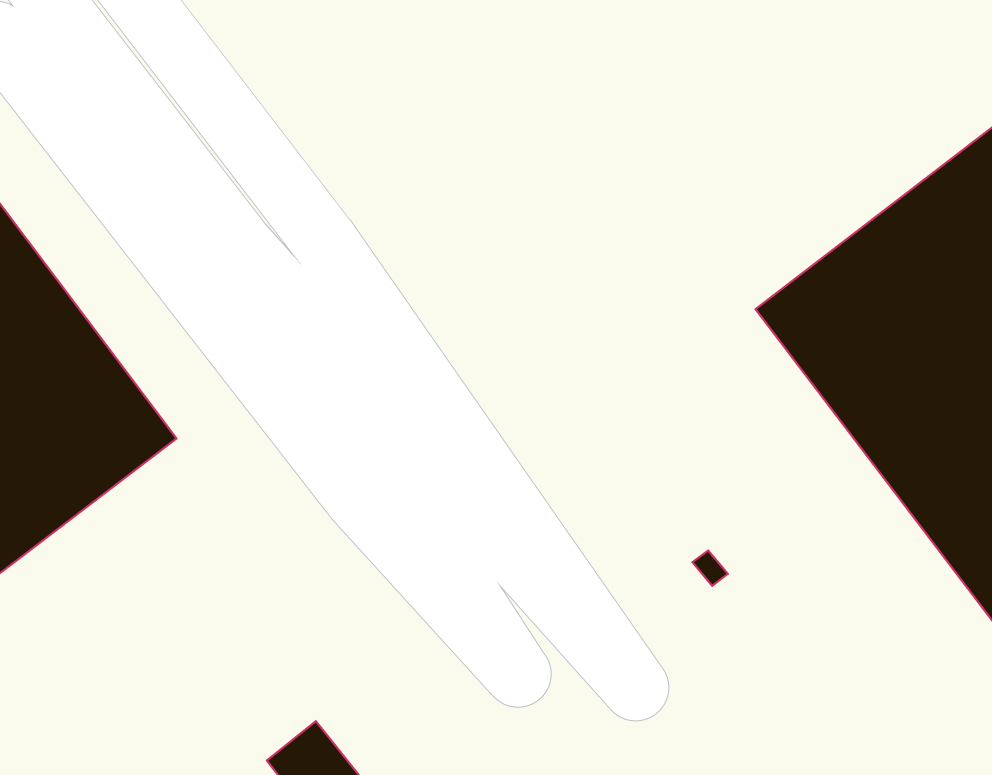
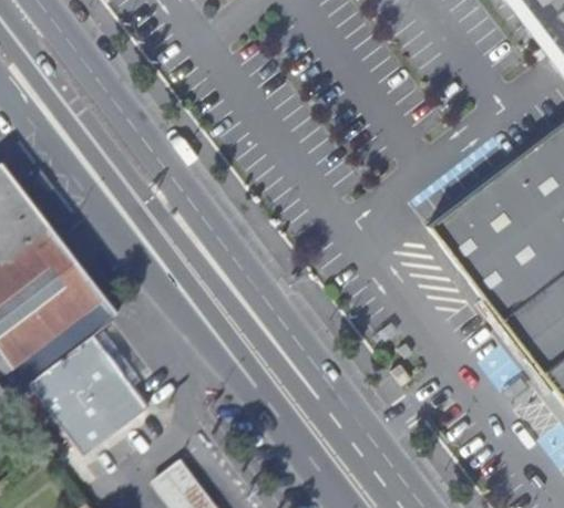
building: none -> [30,333,145,448]

